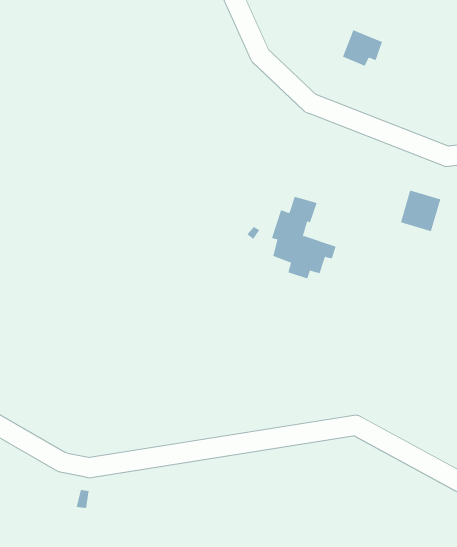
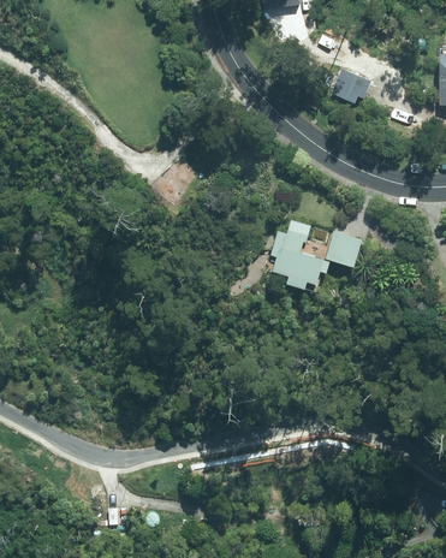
building: [400,190,441,232] -> [326,230,362,267]

